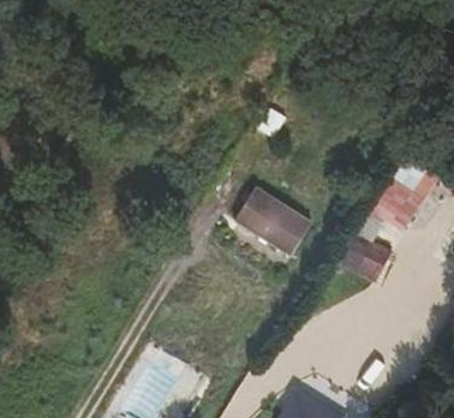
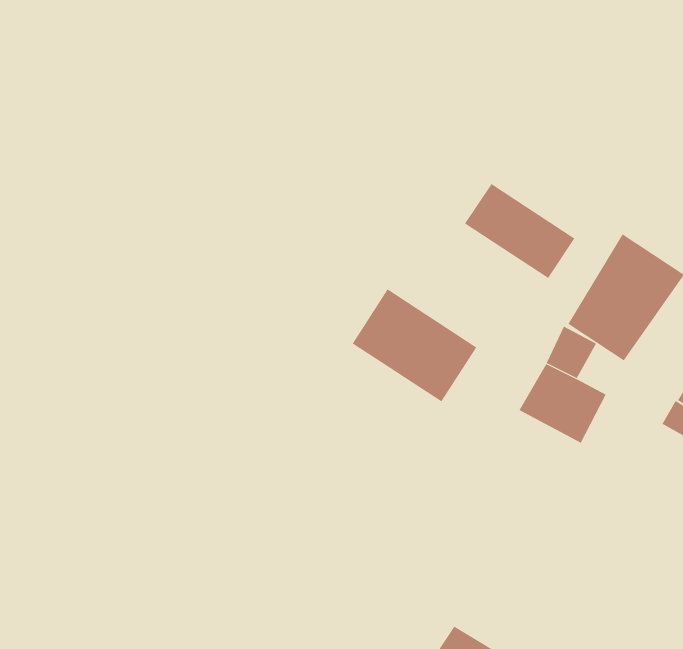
building: none -> [464,183,575,279]

